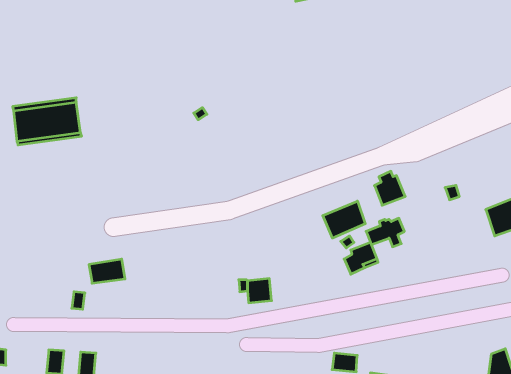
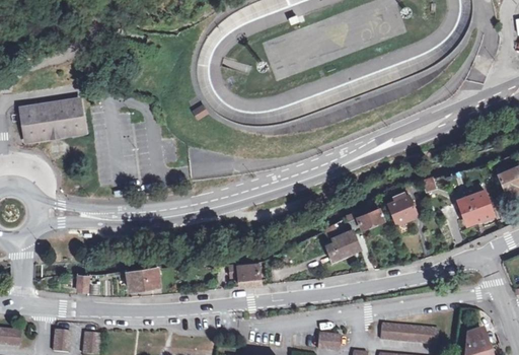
building: [374,171,405,205] -> [389,190,418,221]
building: [323,201,365,238] -> none
building: [89,259,125,283] -> [128,266,161,288]
building: none -> [380,323,439,343]

